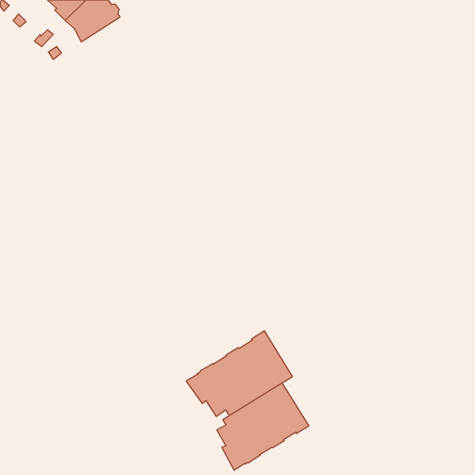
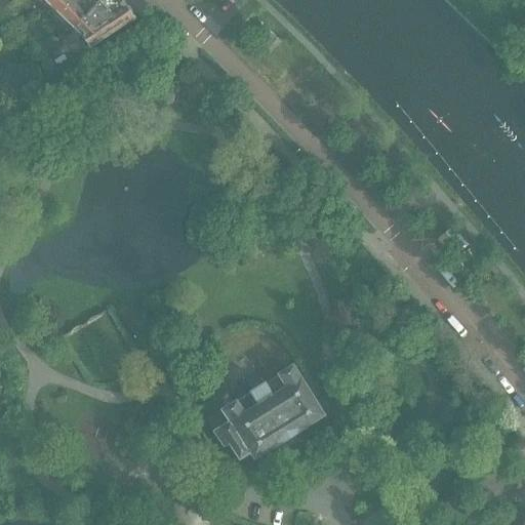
building: [217,383,309,470] -> none

